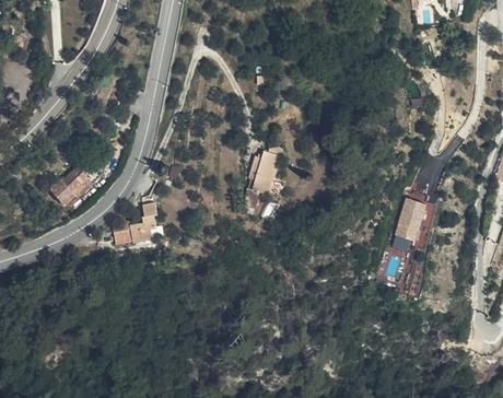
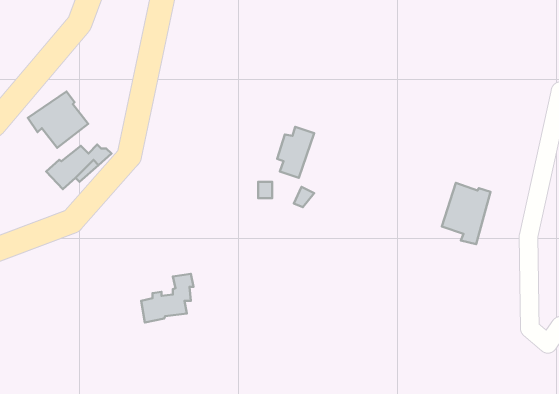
building: none -> [28,92,88,148]
building: [114,202,159,244] -> [141,274,193,322]

